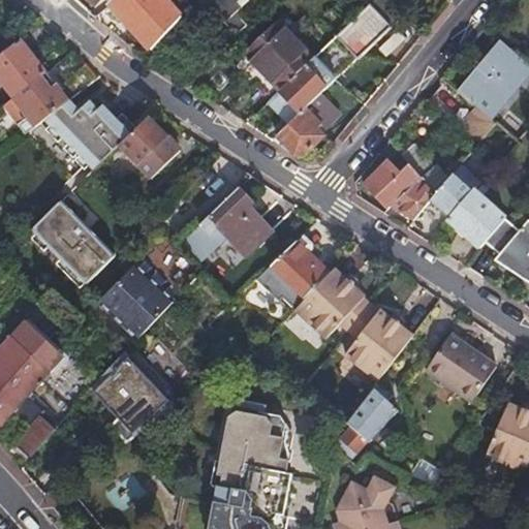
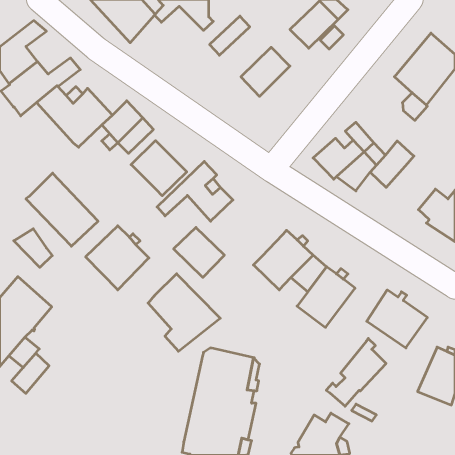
building: [254,31,313,89] -> none
building: [277,93,339,153] -> none
building: none -> [131,141,187,196]
building: [446,189,504,249] -> none
building: [269,240,328,298] -> [174,227,224,277]
building: none -> [14,229,52,267]
building: [87,353,170,443] -> [148,274,220,351]
building: [326,381,396,460] -> [326,338,386,406]

